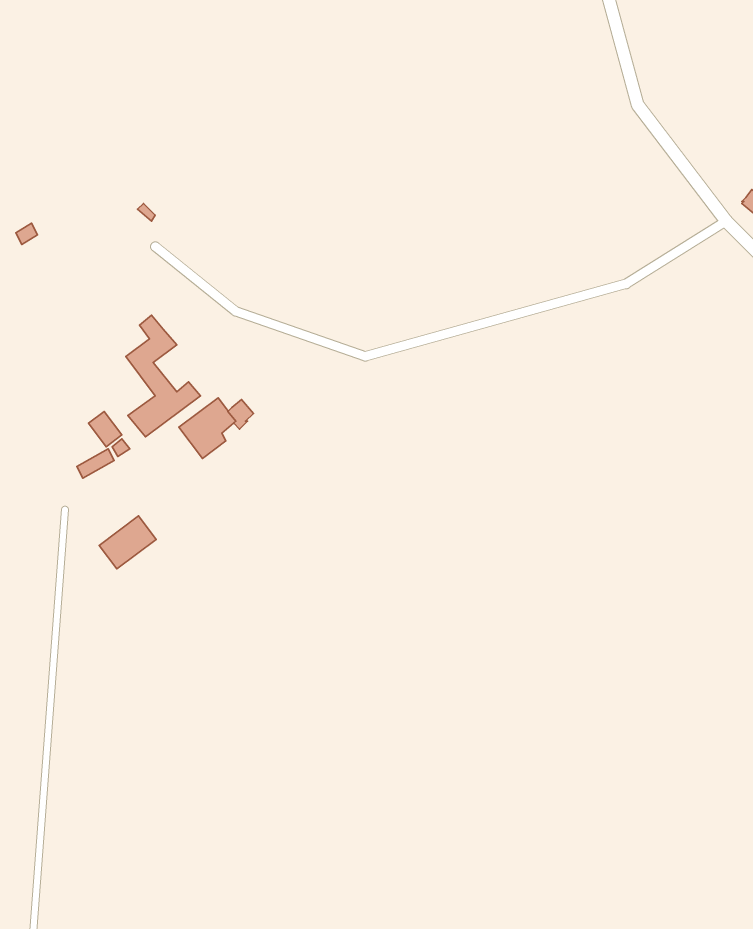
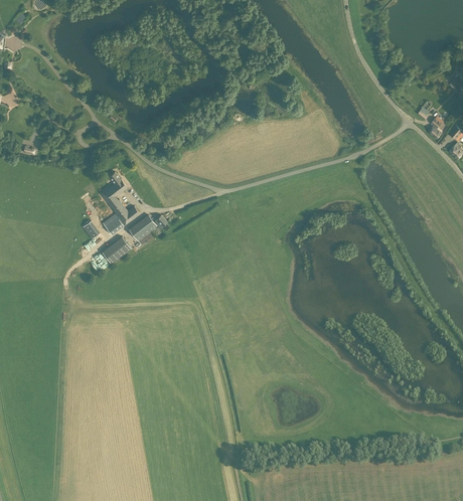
building: [99,516,156,569] -> [102,235,131,263]

